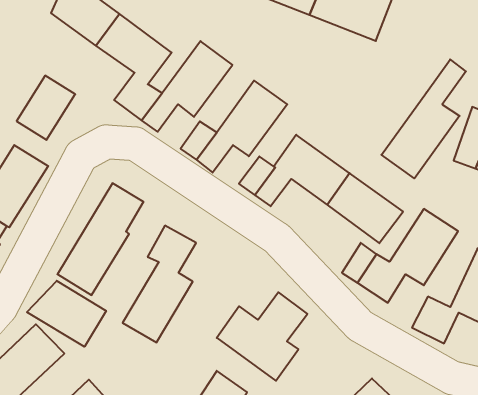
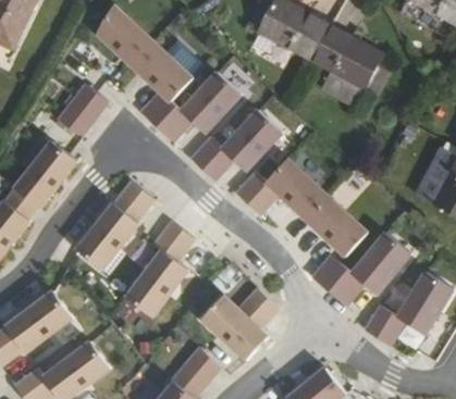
building: [381,59,466,178] -> none
building: [27,281,106,347] -> none

